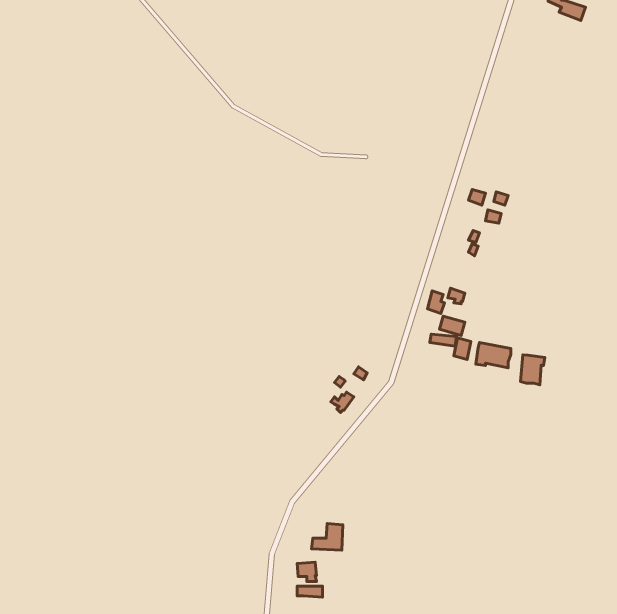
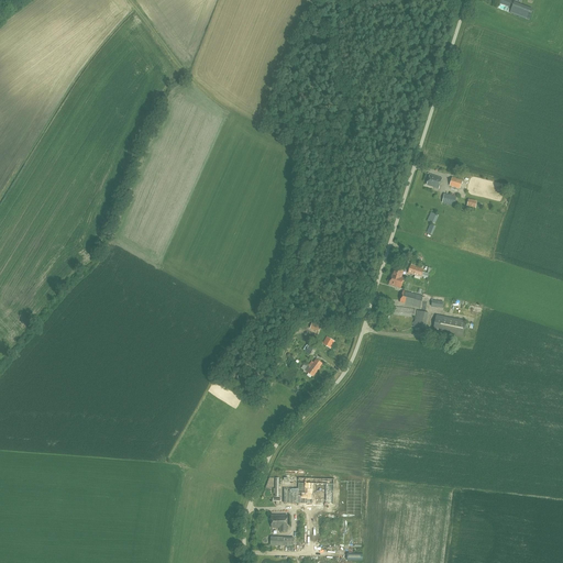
building: [520,355,545,385] -> none

